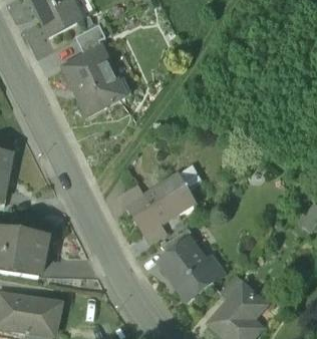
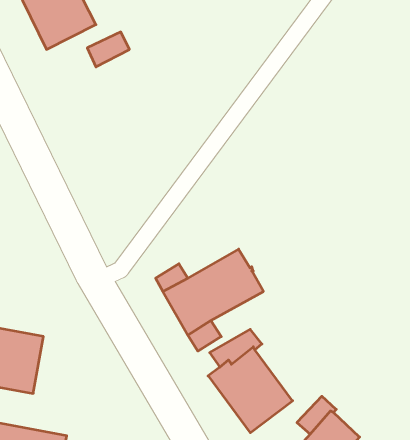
building: [62,45,126,114] -> none

